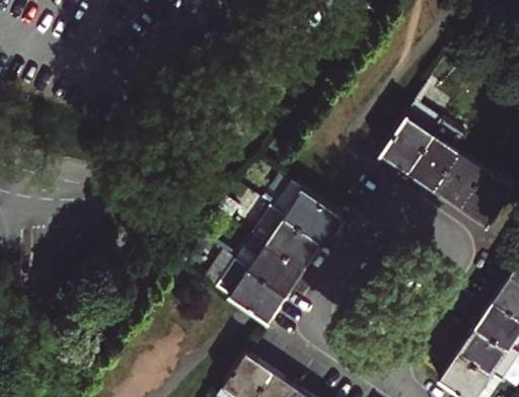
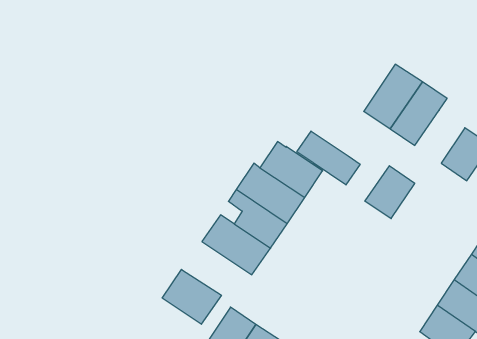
building: [435,154,487,209] -> [365,166,415,219]
building: none -> [297,131,360,185]
building: none -> [162,269,221,324]

